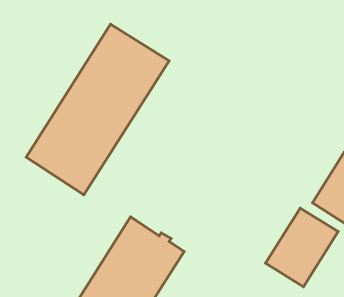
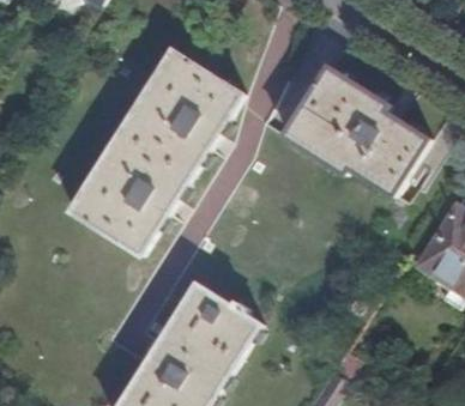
building: none -> [283,66,429,196]
building: [266,208,338,287] -> none

